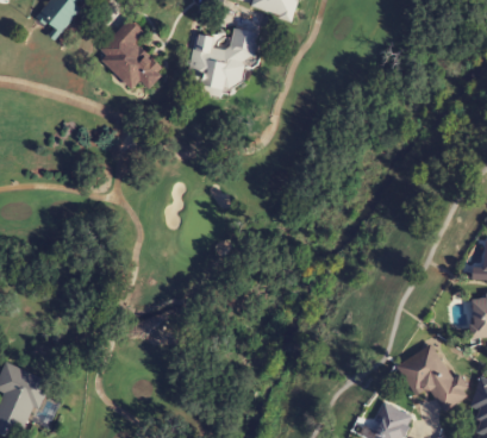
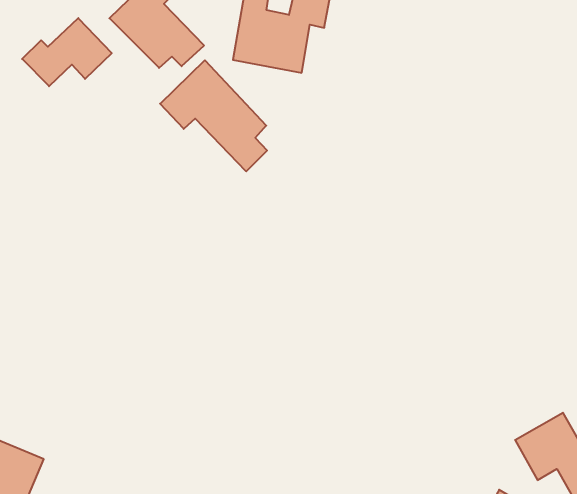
building: none -> [22,18,112,86]
building: none -> [160,60,267,171]

